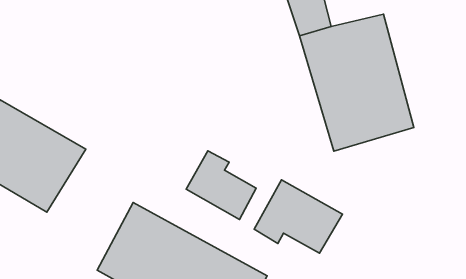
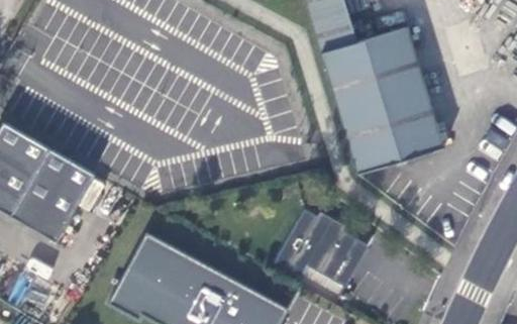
building: [186,151,256,219] -> none

